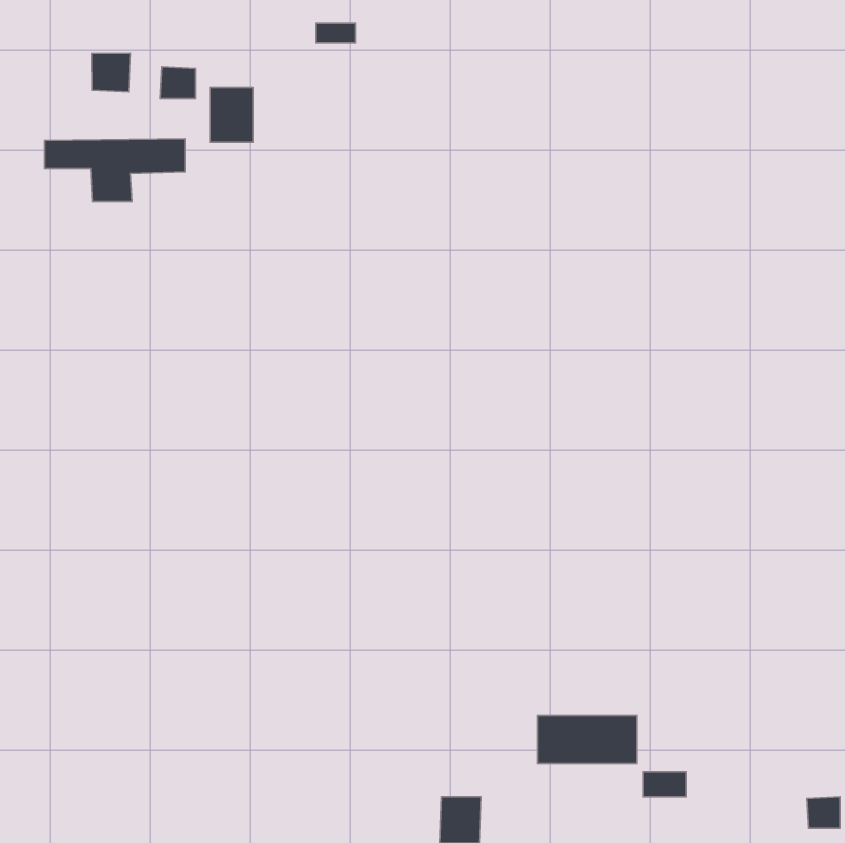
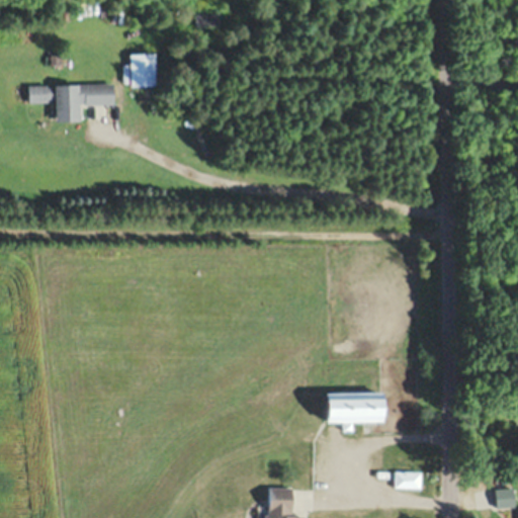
building: [92,53,131,92] -> none
building: [160,67,195,98] -> none
building: [538,716,637,764] -> [327,393,387,422]

